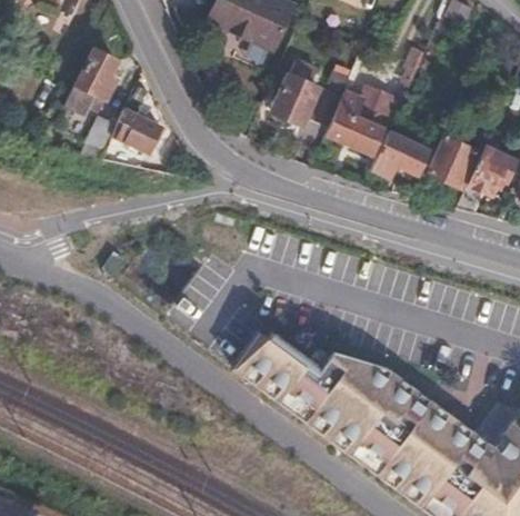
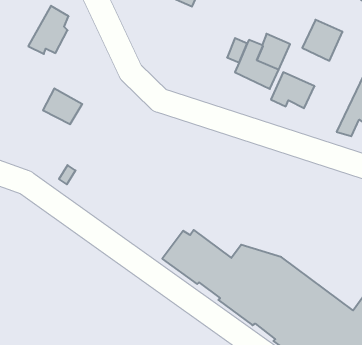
building: [276,61,319,125] -> none
building: [109,107,159,152] -> [43,88,82,124]
building: [427,135,478,187] -> [302,20,343,61]

